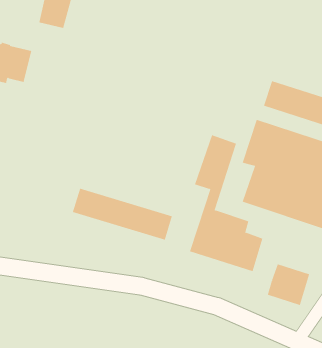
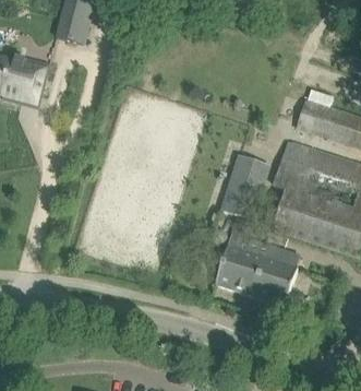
building: [72,188,173,241] -> none
building: [267,264,310,306] -> none

